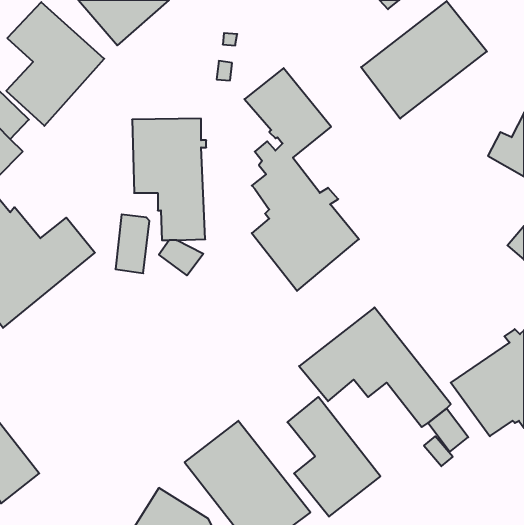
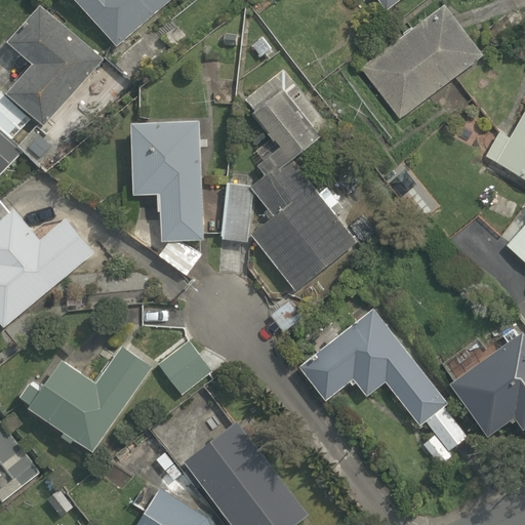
building: [115,214,149,273] -> [219,184,253,242]
building: none -> [157,341,212,396]
building: none -> [19,346,151,451]
building: [287,397,380,517] -> none

